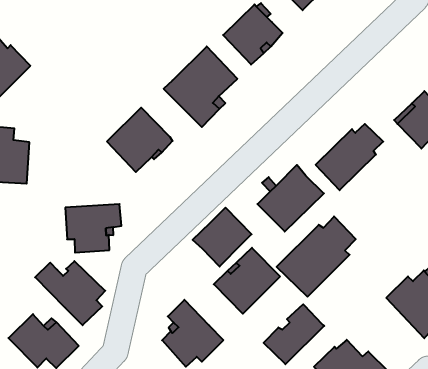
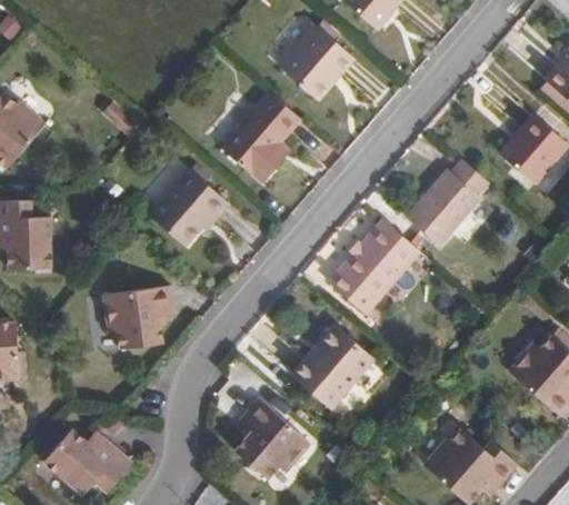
building: [193,208,252,267] -> none
building: [277,216,356,297] -> none
building: [35,261,105,325] -> none
building: [264,304,324,364] -> none

